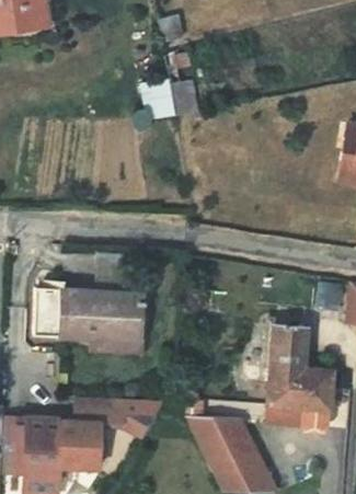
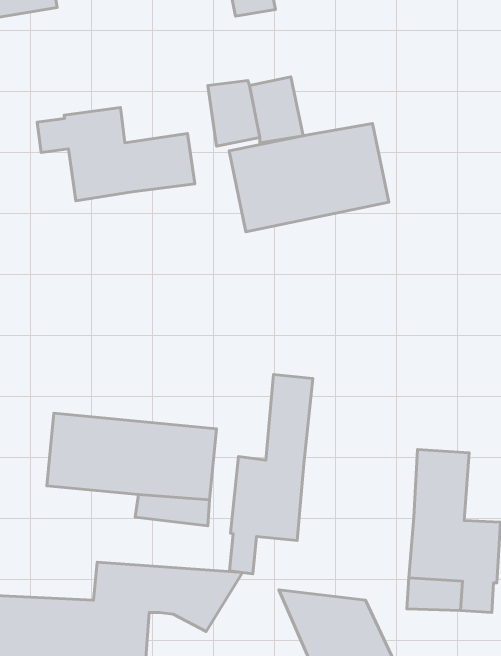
building: none -> [37,108,195,201]
building: none -> [229,123,389,232]
building: none -> [229,375,313,574]

